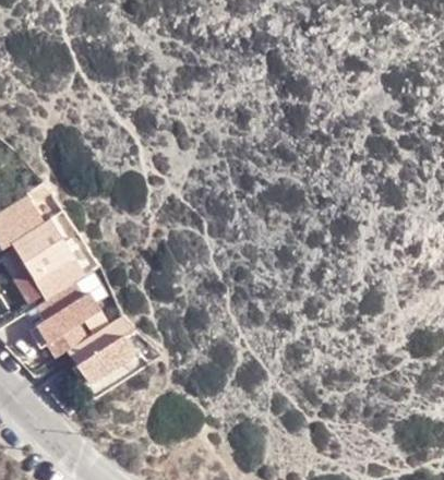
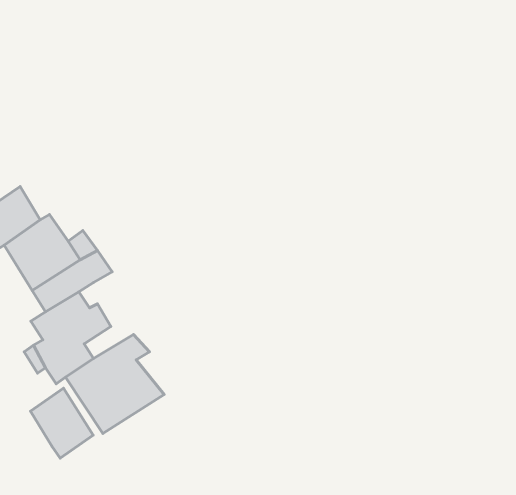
building: none -> [31,388,93,458]

